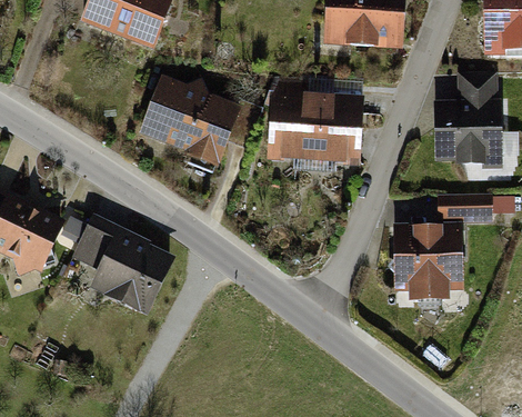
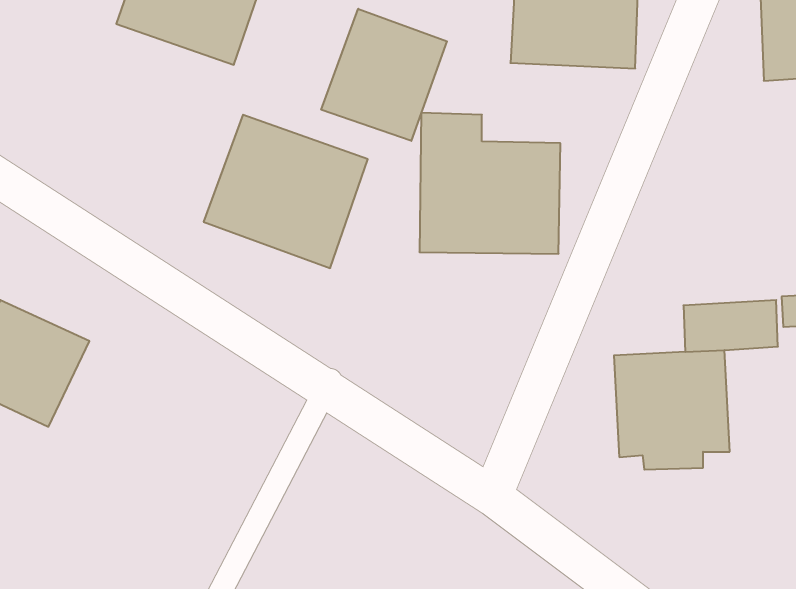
building: none -> [321,9,447,141]
building: [432,69,499,166] -> none
building: [69,206,183,318] -> none

